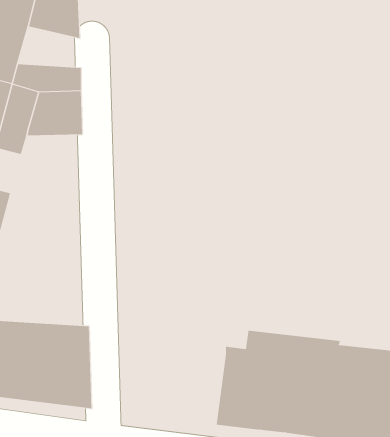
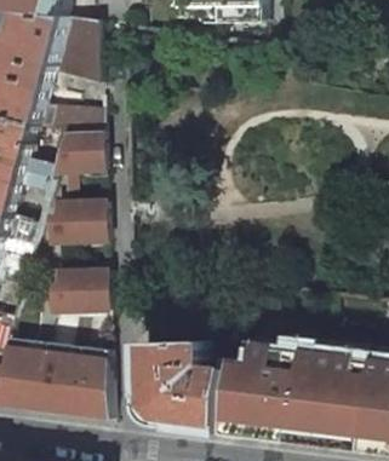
building: none -> [38,196,93,236]
building: none -> [40,265,96,305]
building: none -> [132,341,221,433]

